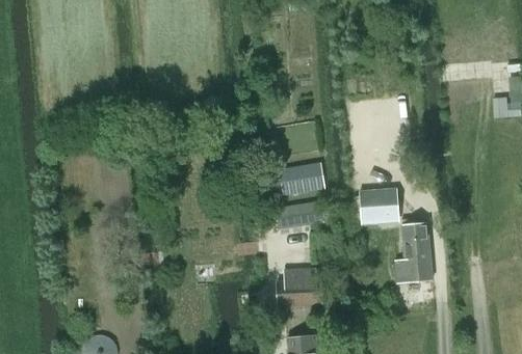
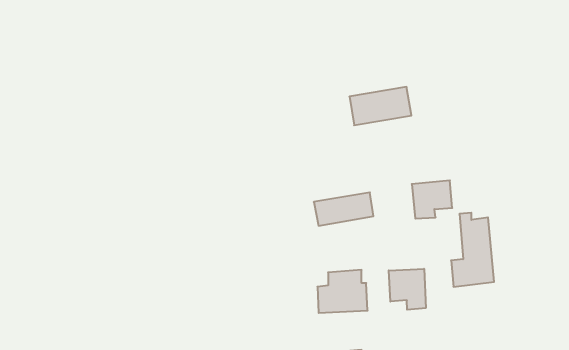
building: [269,163,323,196] -> [349,87,411,125]
building: none -> [389,269,426,310]

